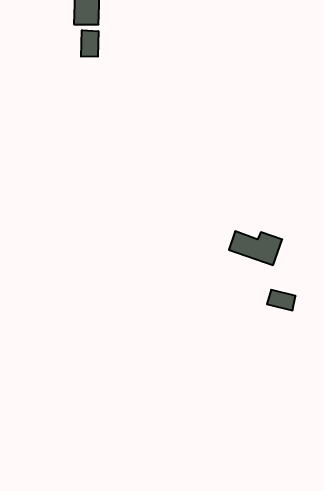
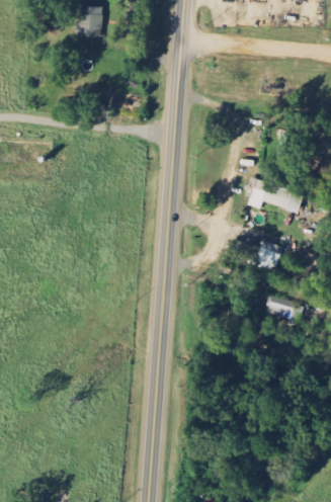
building: [81,30,98,57] -> none
building: none -> [247,180,303,213]

